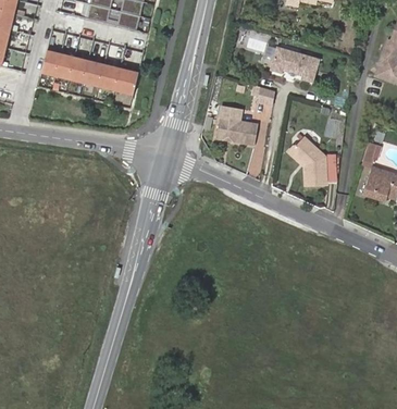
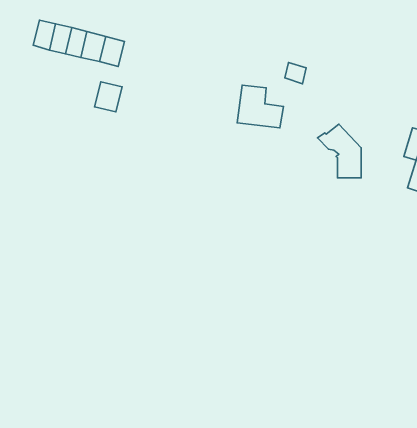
building: [272,46,323,83] -> none
building: [114,67,138,94] -> [95,82,122,112]

